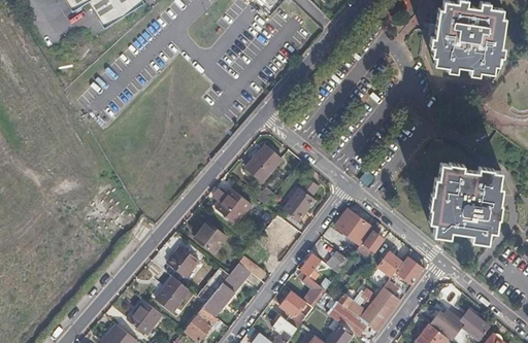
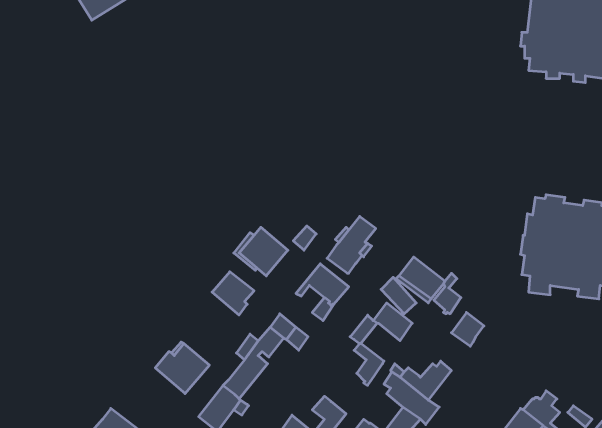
building: [249,143,282,180] -> none
building: [167,245,198,276] -> none
building: [393,258,424,285] -> none
building: [359,280,401,332] -> none
building: [279,291,305,329] -> none
building: [128,299,163,335] -> none

